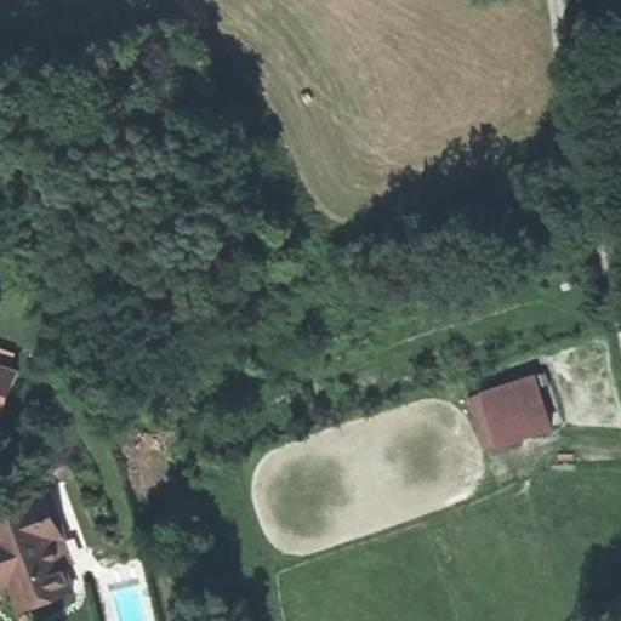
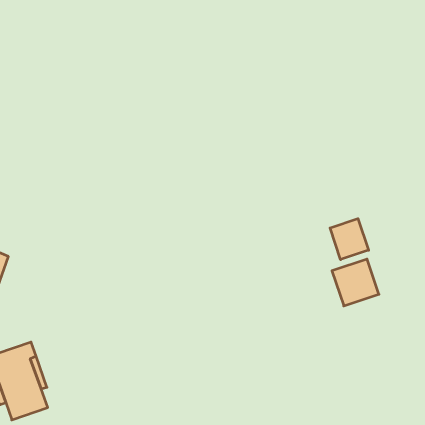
building: none -> [330,219,369,260]

